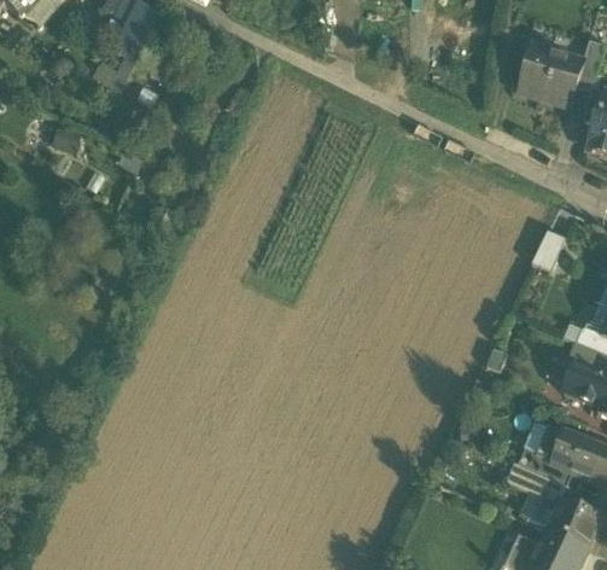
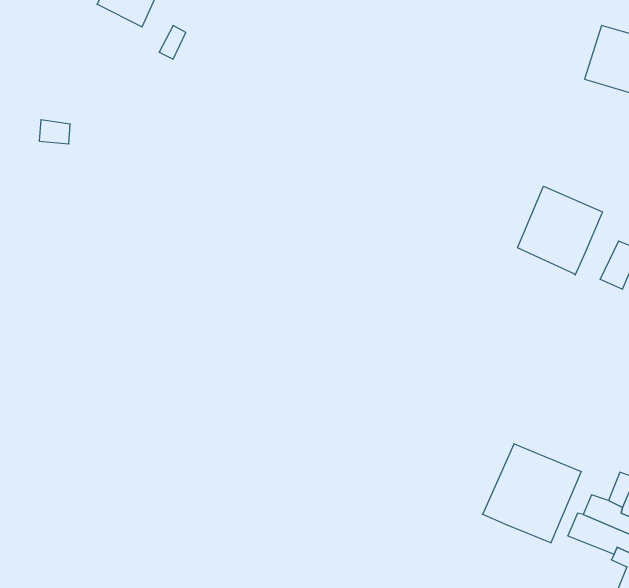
building: none -> [517,186,602,275]
building: none -> [482,444,581,543]

